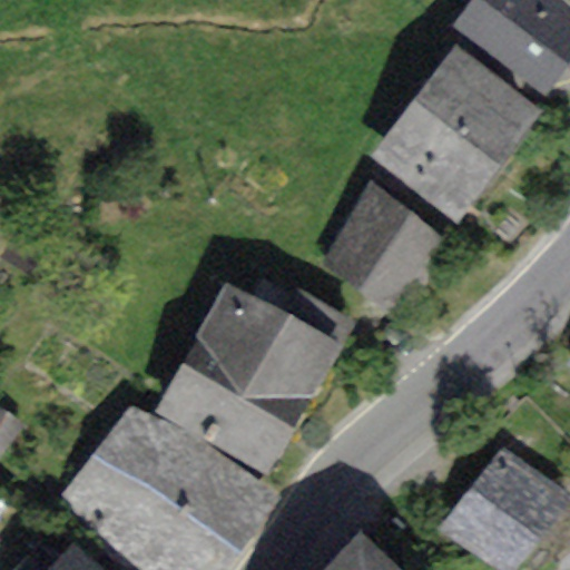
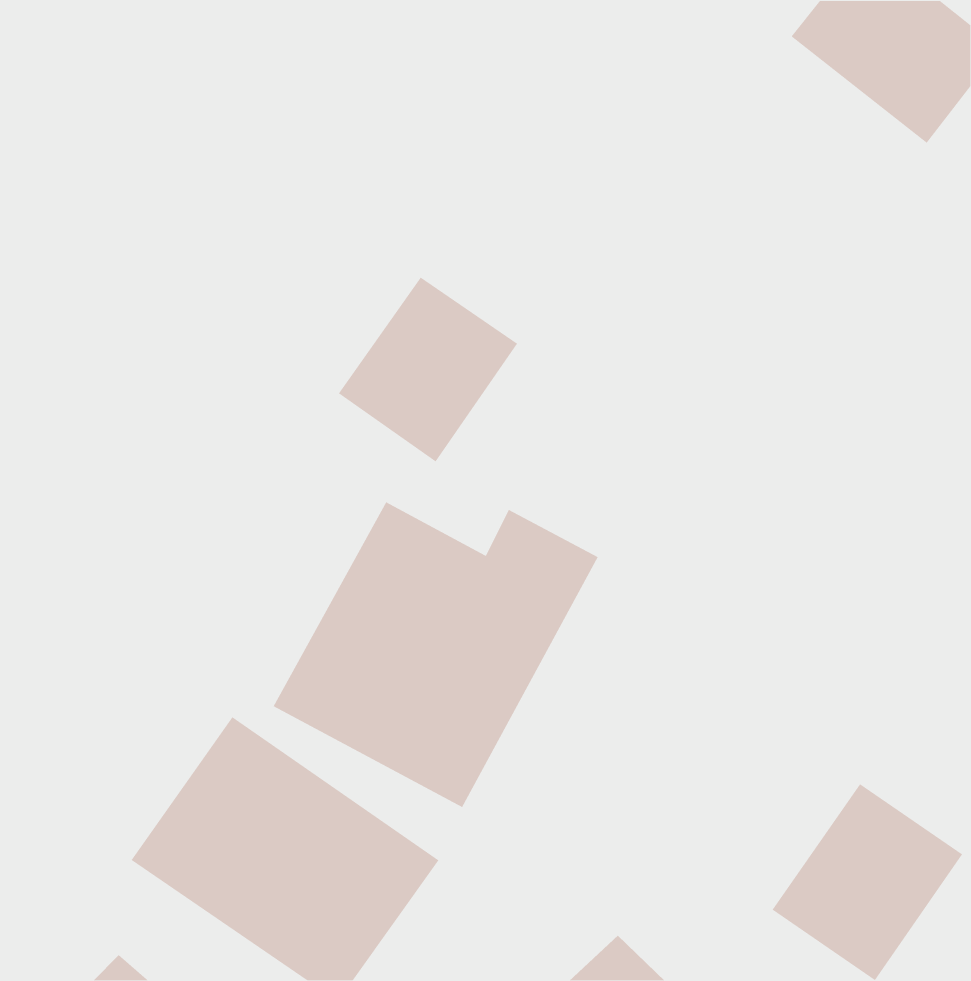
building: [381,55,531,209] -> none
building: [322,193,426,301] -> [338,276,518,463]

